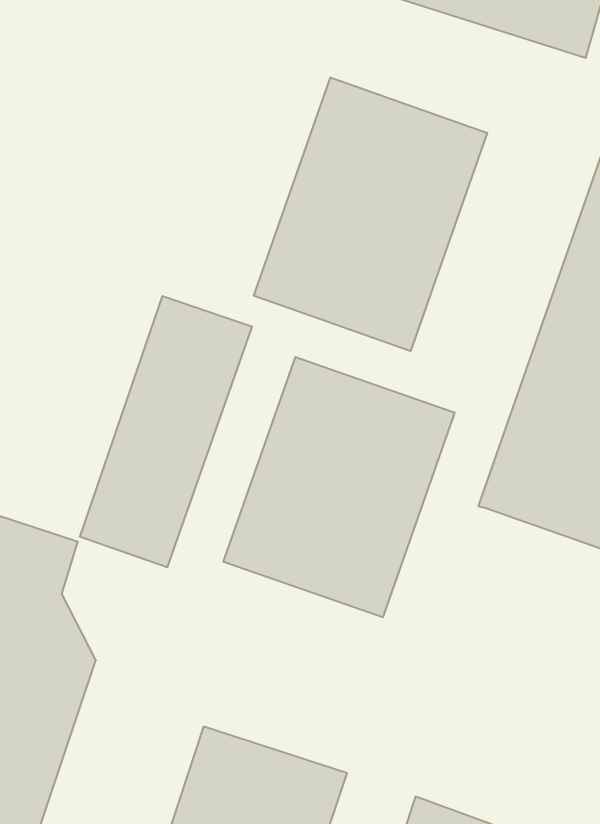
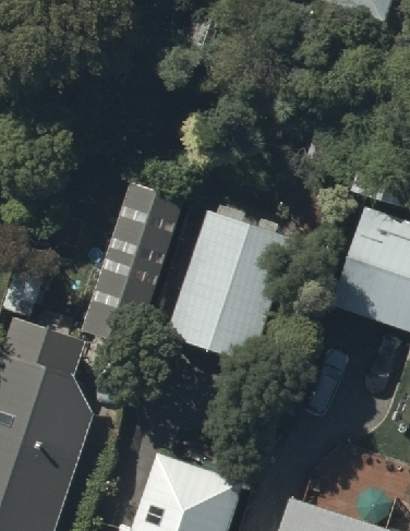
building: [254,77,487,351] -> none

